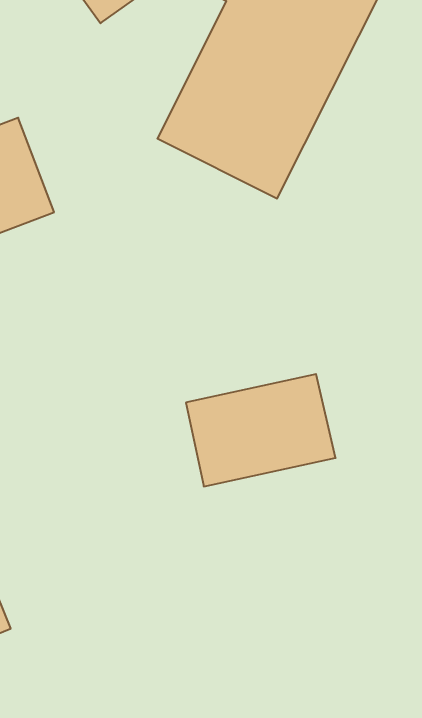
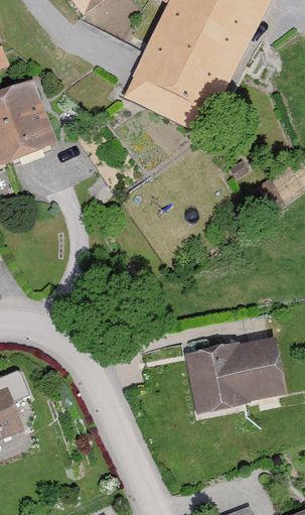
building: [186,374,336,486] -> [186,336,287,411]

